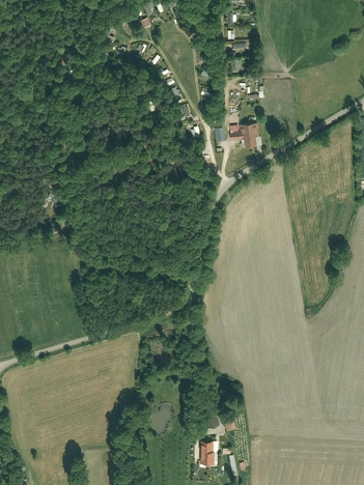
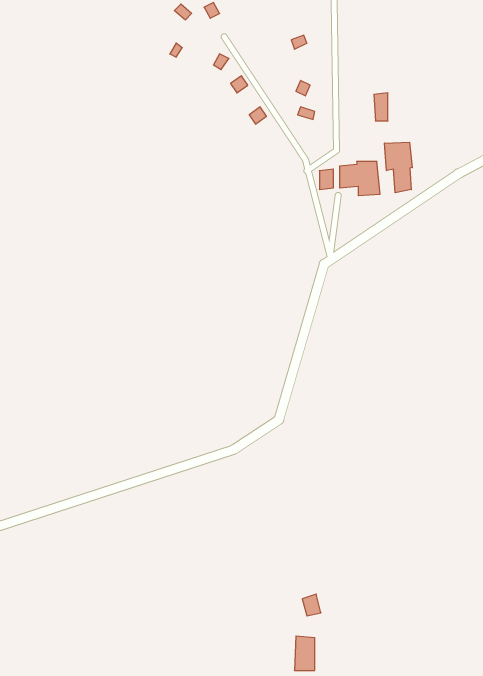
building: none -> [385,142,412,193]

